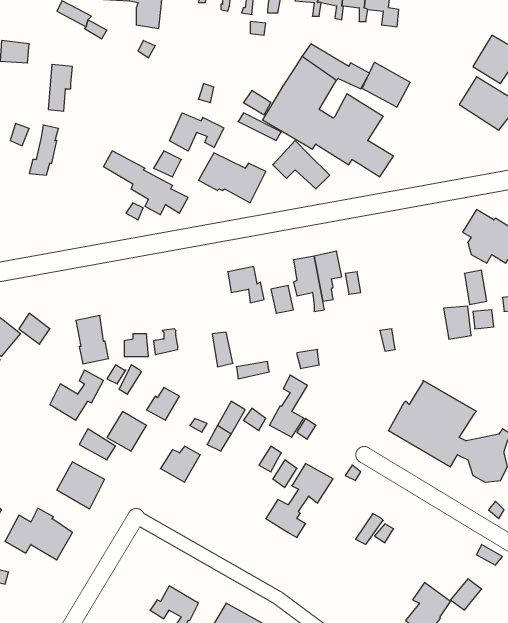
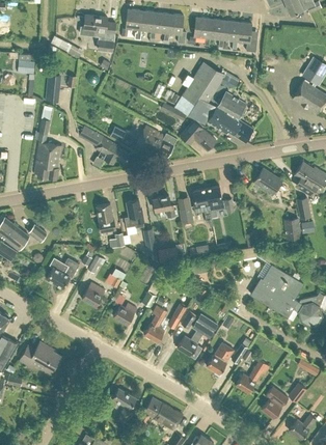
building: [362,62,410,107] -> none
building: [170,113,224,151] -> none
building: none -> [34,142,61,178]
building: none -> [254,167,281,195]
building: none -> [125,199,144,227]
building: [76,315,109,364] -> [96,203,115,232]
building: [269,375,307,437] -> [143,304,166,341]
building: [57,462,104,509] -> none
building: none -> [206,341,234,376]
building: none -> [235,359,269,392]

